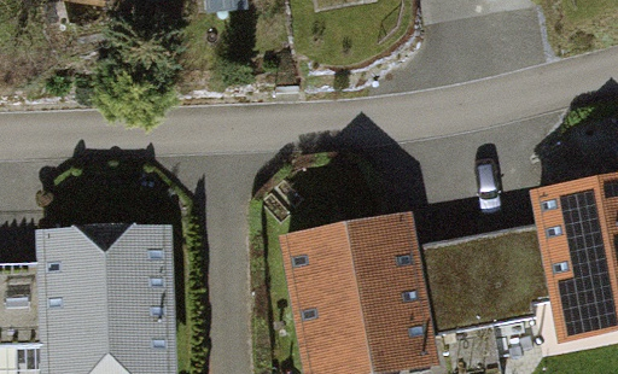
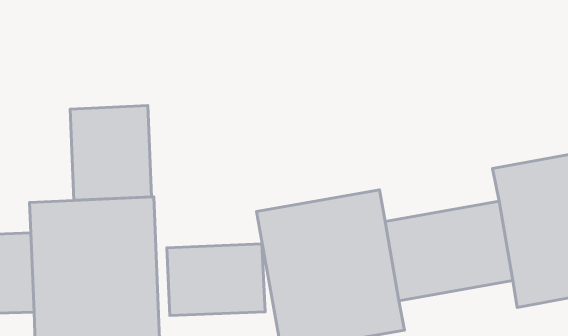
building: none -> [70,106,151,200]
building: none -> [167,244,265,316]

